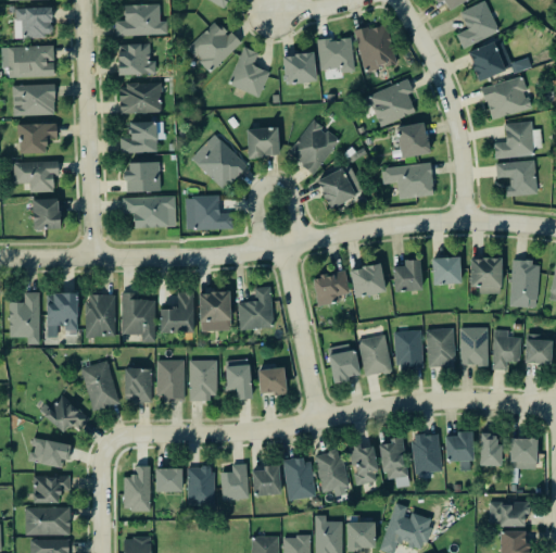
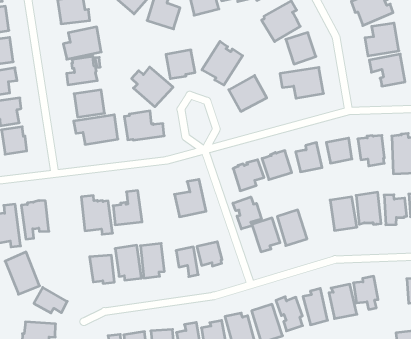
building: [85,293,115,337] -> none
building: [204,296,236,332] -> none
building: none -> [233,197,261,229]
building: [394,329,424,367] -> none
building: [78,359,117,410] -> [5,252,40,294]
building: [480,431,502,464] -> none

